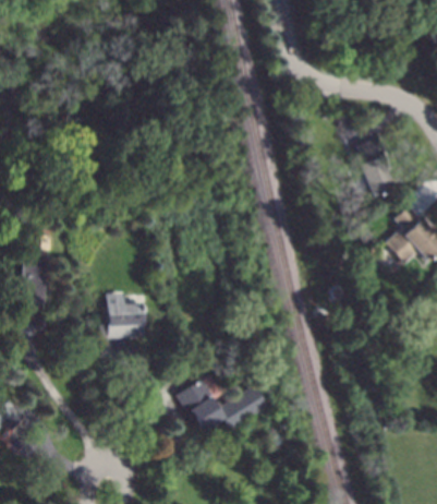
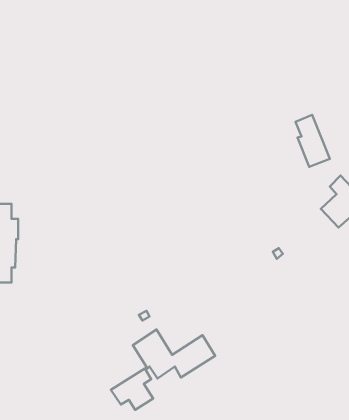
building: [102,301,147,336] -> none
building: none -> [111,369,153,410]

